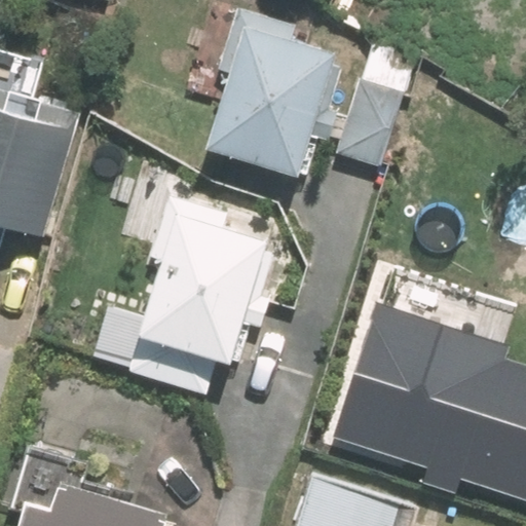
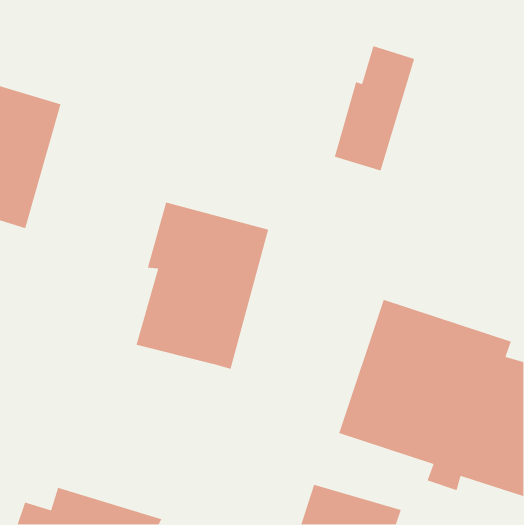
building: [206,11,343,183] -> none

